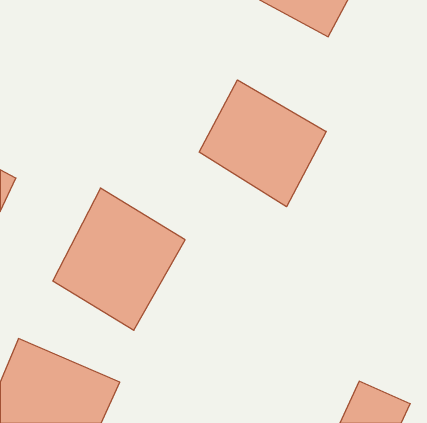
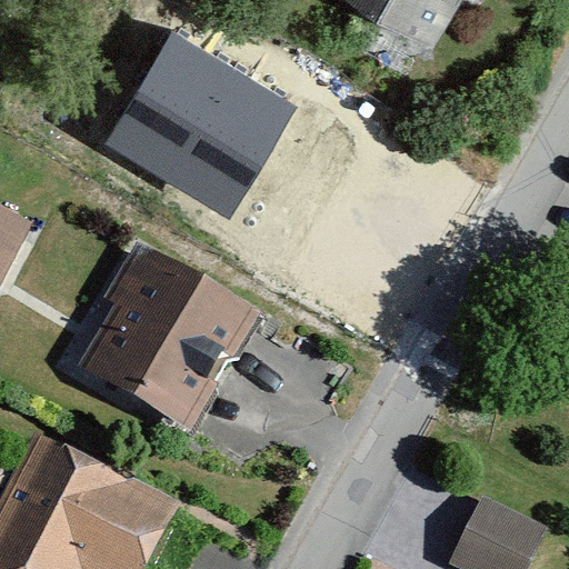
building: none -> [112,32,291,207]
building: [199,80,326,207] -> none

